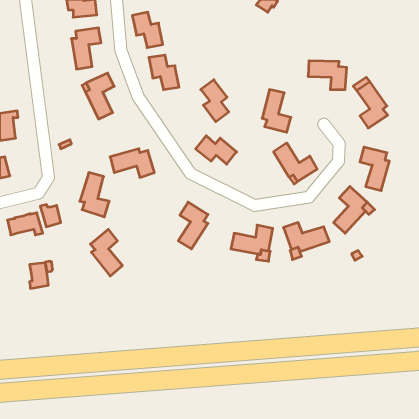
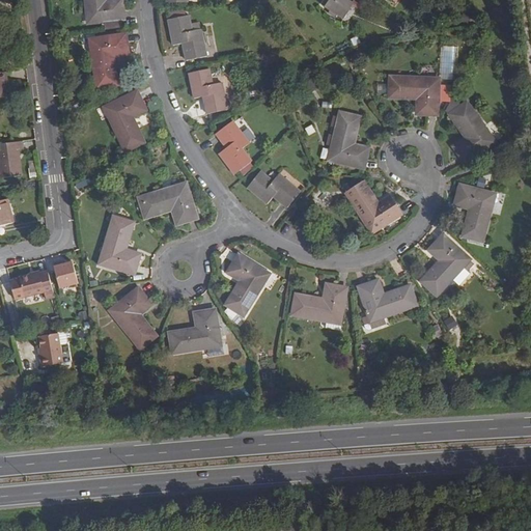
building: [201,80,229,122] -> [215,121,250,174]
building: none -> [169,311,219,353]

